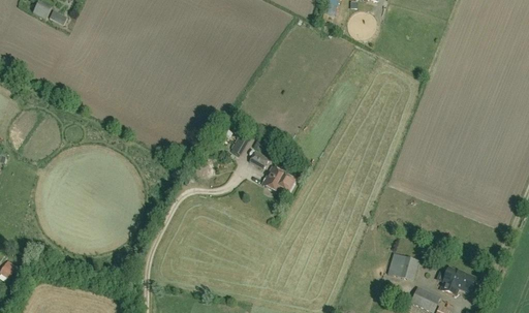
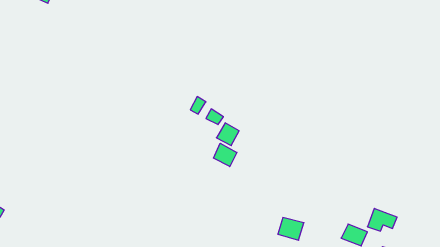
building: none -> [214,143,237,167]
building: [387,252,418,279] -> [278,218,304,240]

